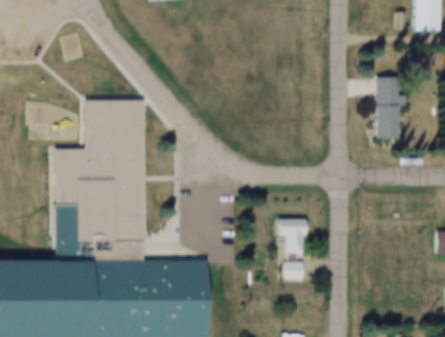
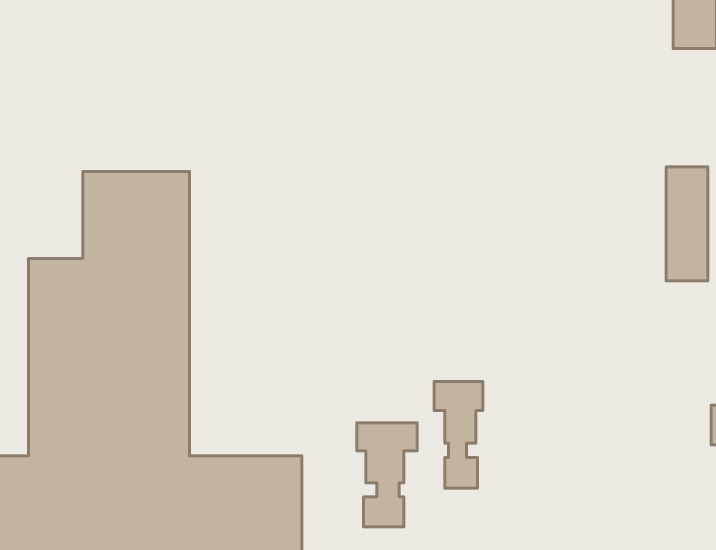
building: [377,77,400,141] -> [666,167,708,281]
building: none -> [357,423,417,527]

